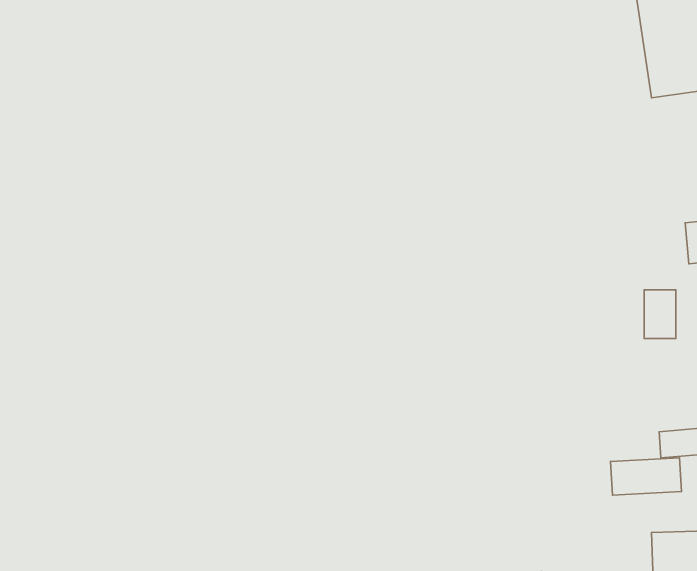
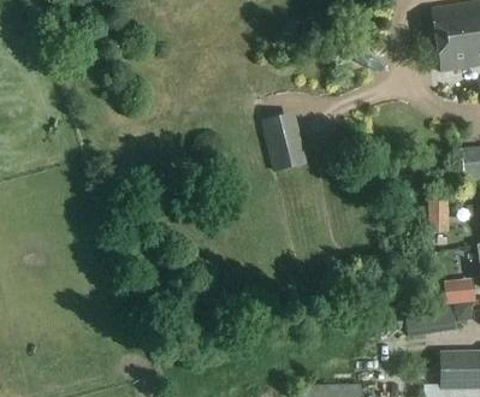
building: none -> [261,112,308,173]

